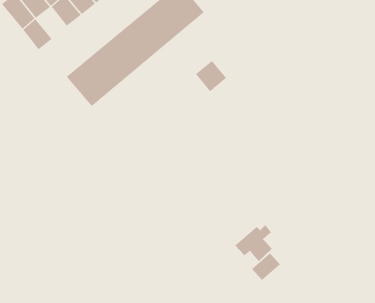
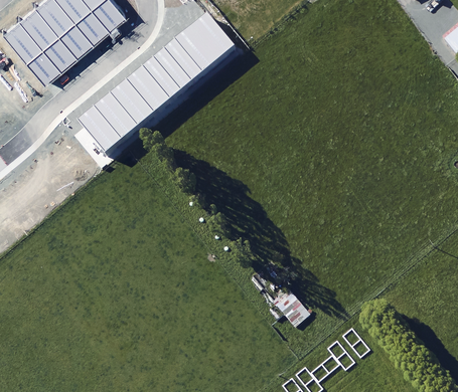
building: none -> [42,38,78,74]
building: [195,60,227,92] -> none
building: [251,252,281,281] -> none

